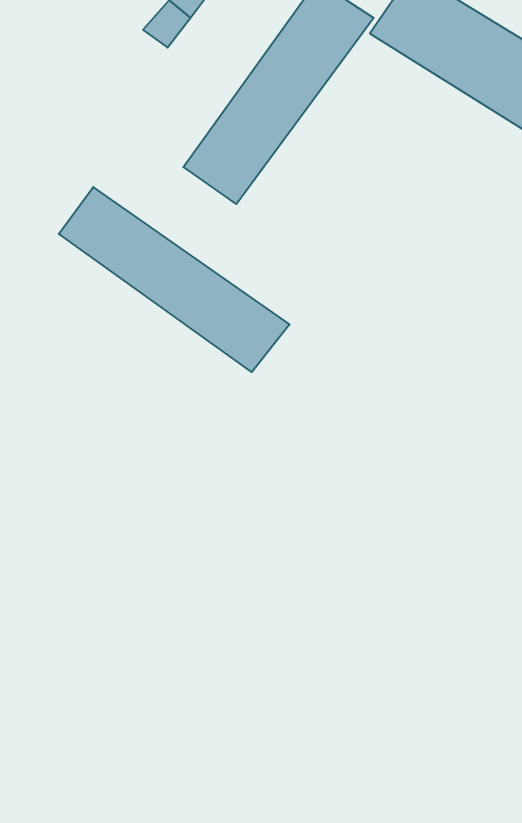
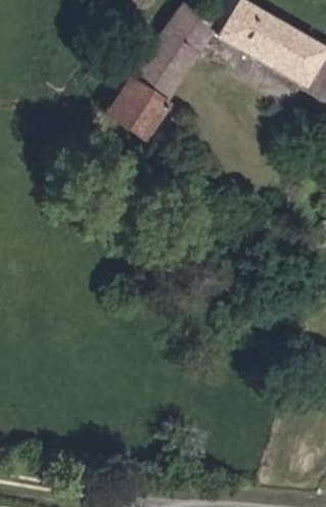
building: [59,187,290,372] -> none

